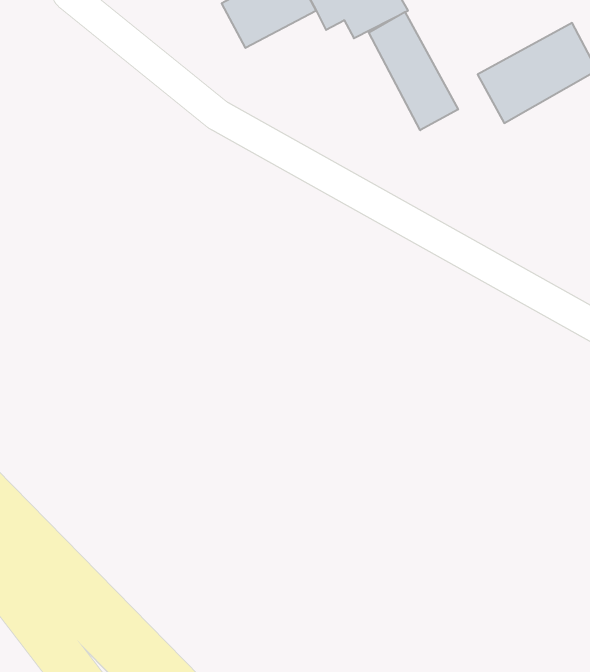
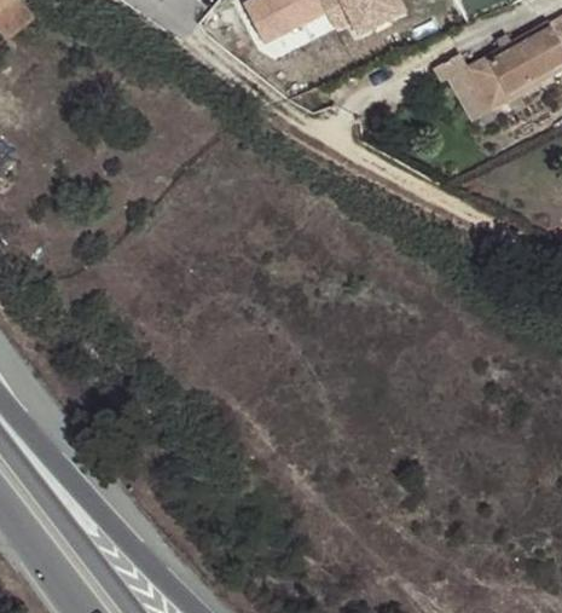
building: [369,12,458,130] -> none

